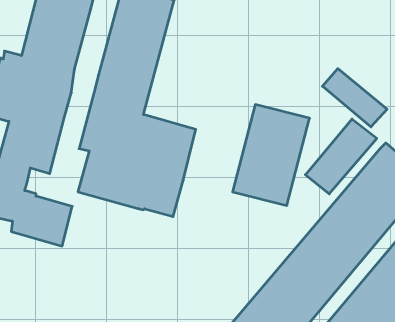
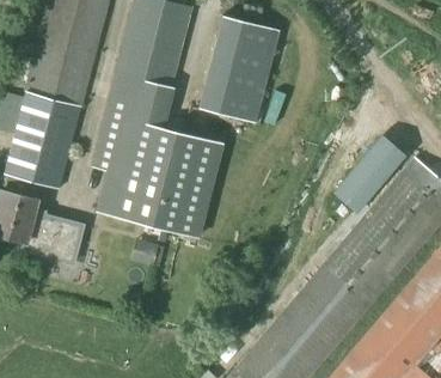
building: [322,69,387,127] -> none
building: [233,105,310,205] -> [198,17,280,123]

